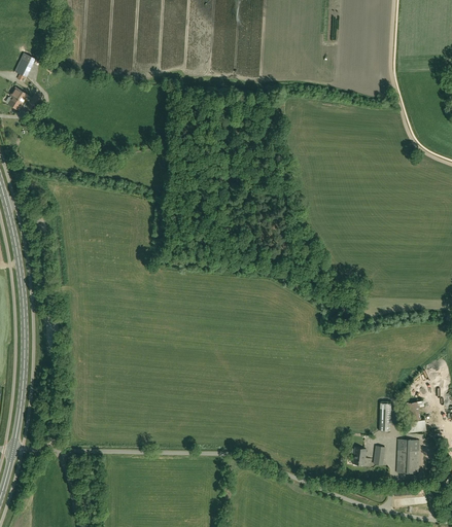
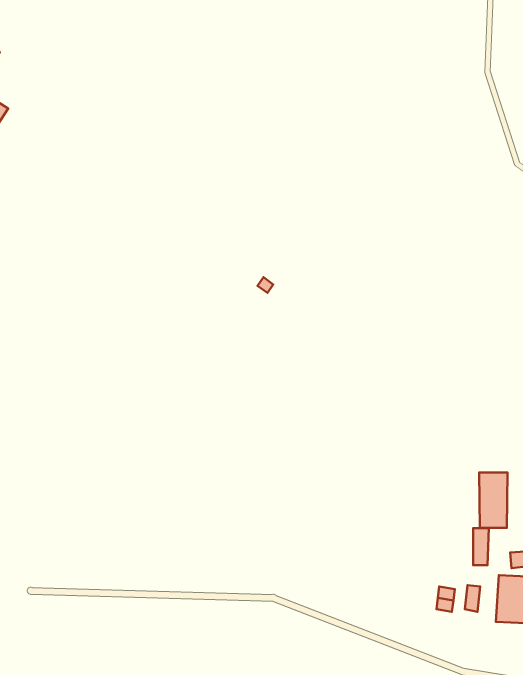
building: none -> [479,472,507,528]

